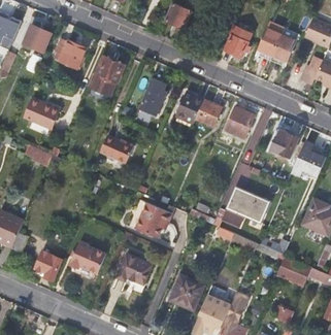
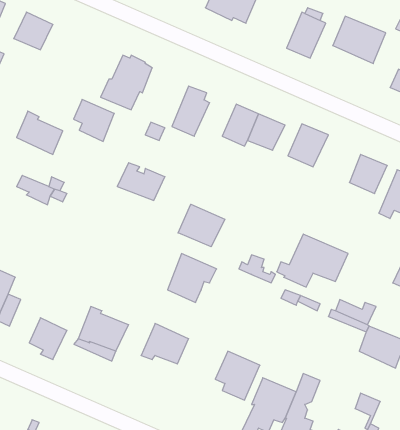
building: [56,37,86,68] -> [74,99,114,141]
building: none -> [178,204,225,247]

